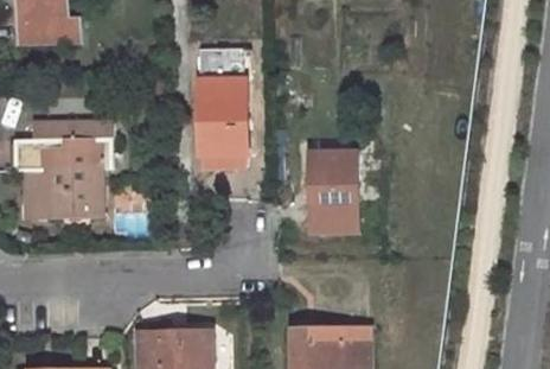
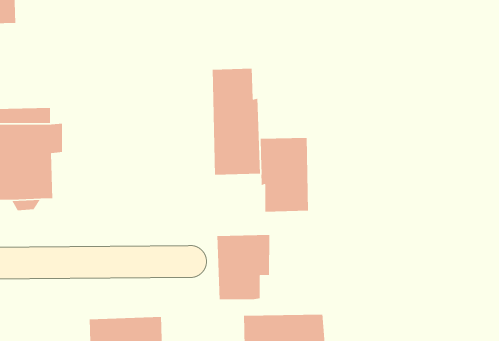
building: [197,50,245,157] -> [212,68,261,175]
building: none -> [216,234,270,300]

